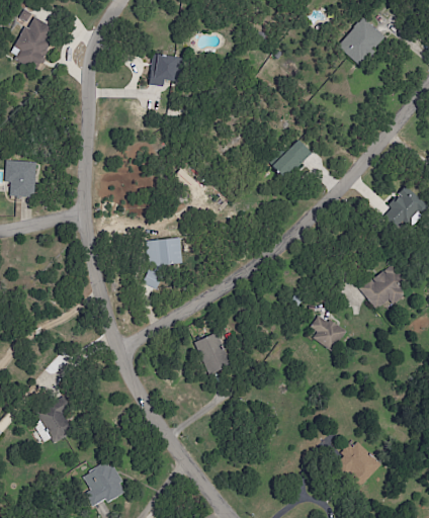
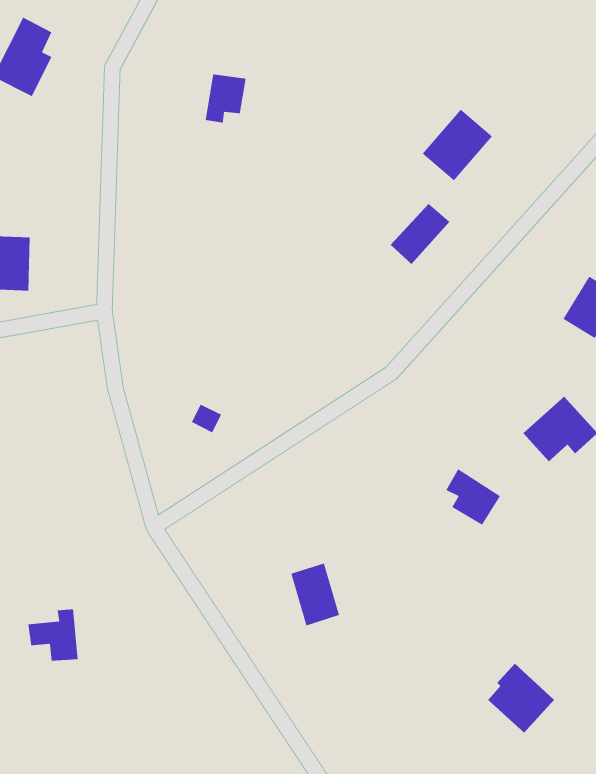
building: [337,16,383,64] -> [422,109,493,181]
building: [146,238,182,265] -> none
building: [195,333,228,374] -> [291,563,340,626]
building: [82,460,126,506] -> none

